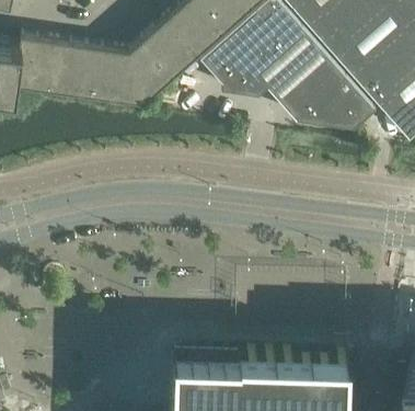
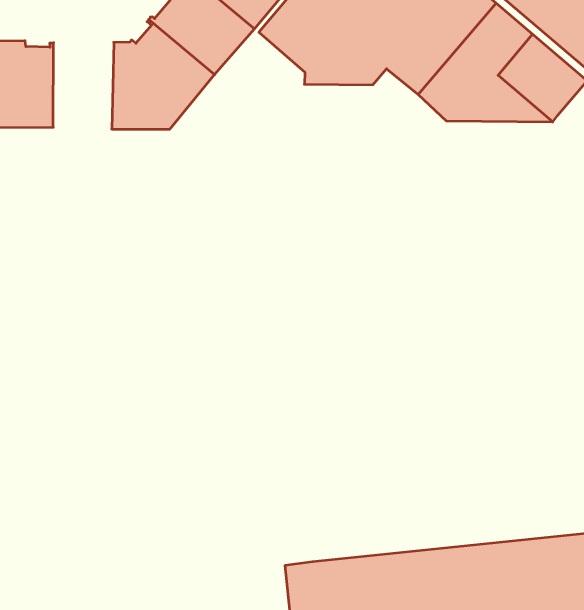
building: [82,47,122,99] -> none

